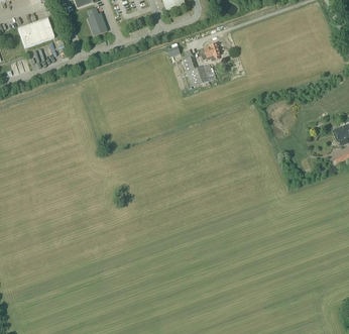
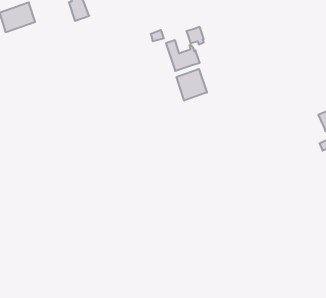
building: none -> [176,69,207,101]

